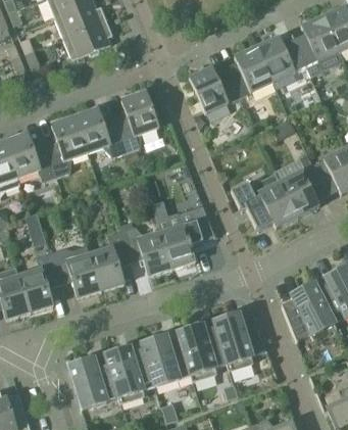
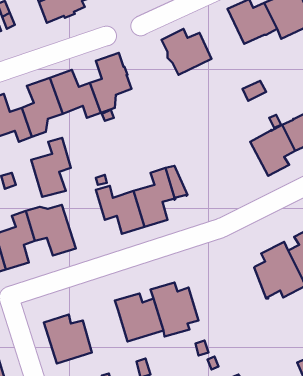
building: [227,45,272,96] -> none
building: [230,172,297,227] -> none
building: [89,230,130,290] -> [31,138,71,197]
building: [212,314,266,369] -> none
building: [104,346,153,402] -> none

